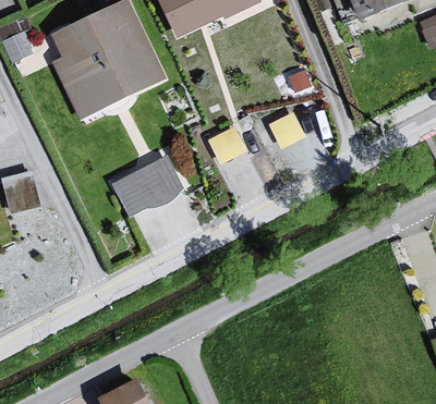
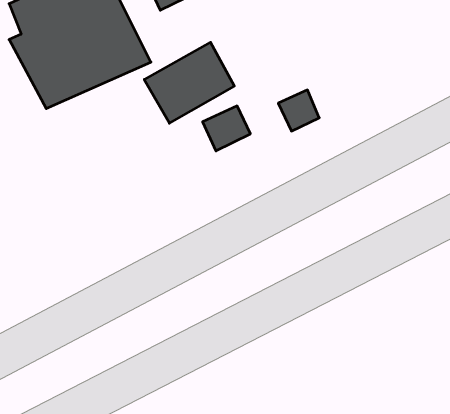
building: [112,143,186,209] -> [144,42,234,123]

